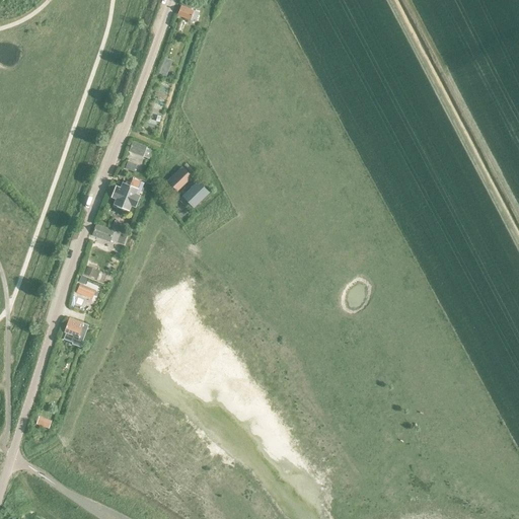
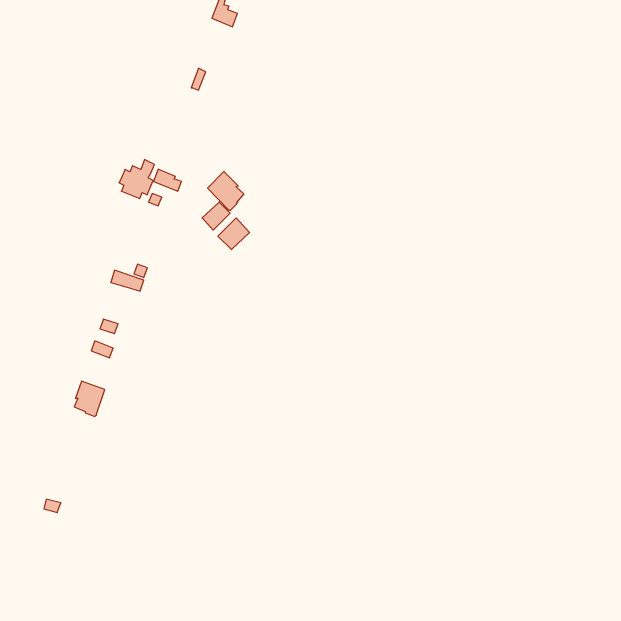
building: none -> [208,171,244,211]
building: [112,177,141,210] -> [119,160,154,199]

